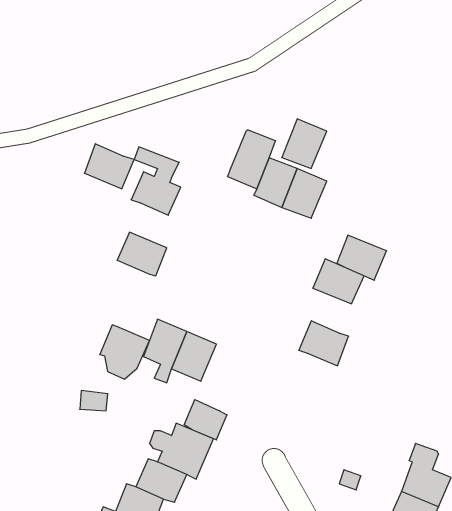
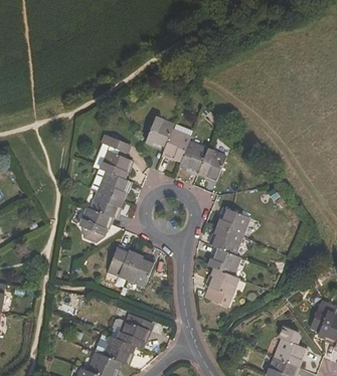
building: [282,119,327,168] -> [145,116,174,148]
building: [84,144,134,189] -> [99,170,131,199]
building: [337,235,387,280] -> [210,225,242,254]
building: [100,325,149,379] -> [79,206,112,241]
building: none -> [204,267,239,306]
building: [184,400,227,440] -> none

